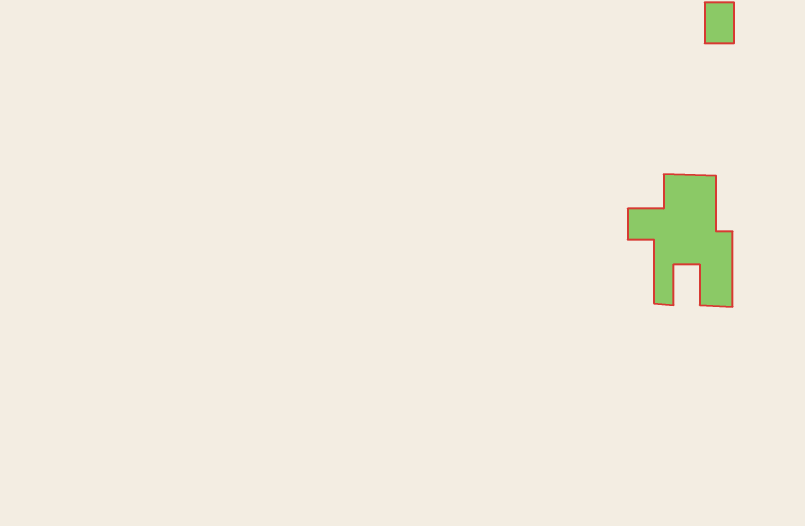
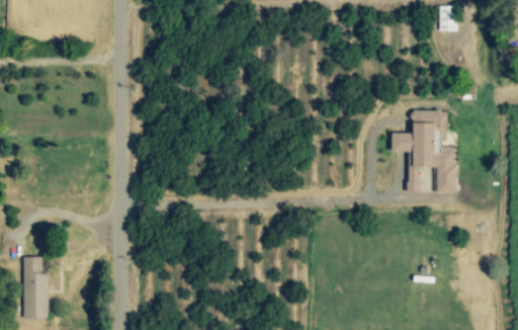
building: none -> [23,256,49,319]

